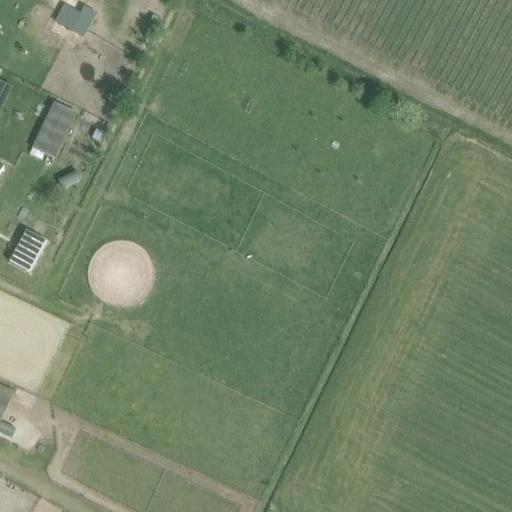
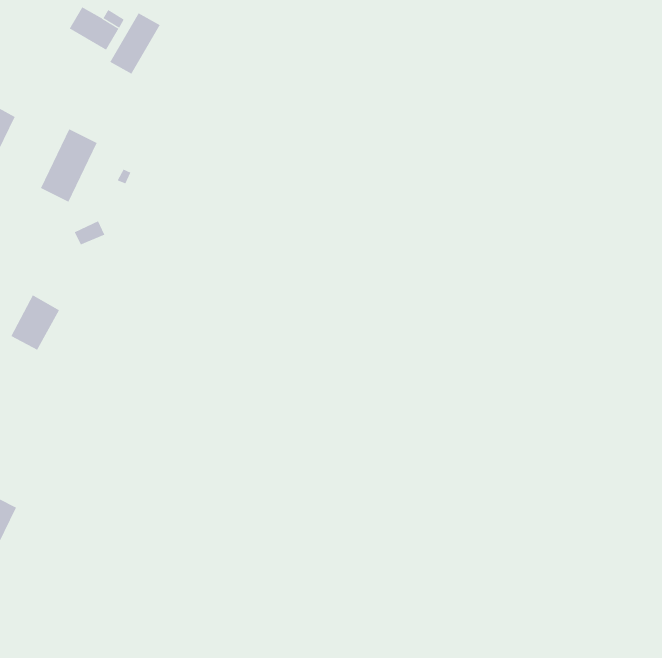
building: none -> [109,12,161,74]

